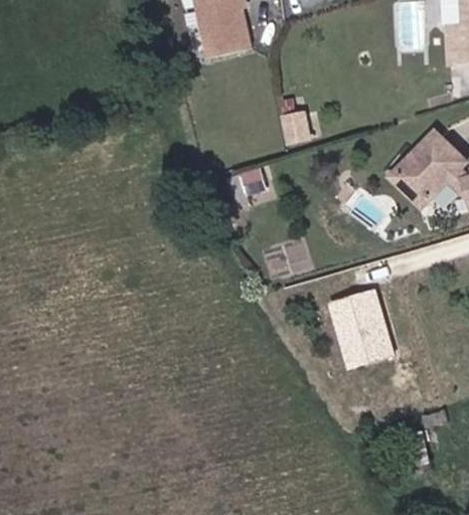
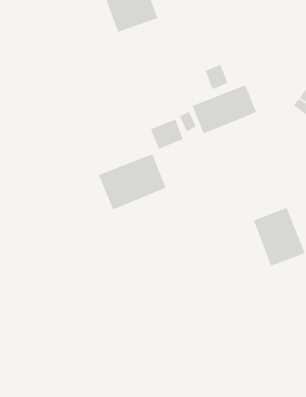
building: none -> [191,84,257,135]
building: none -> [98,153,167,210]

